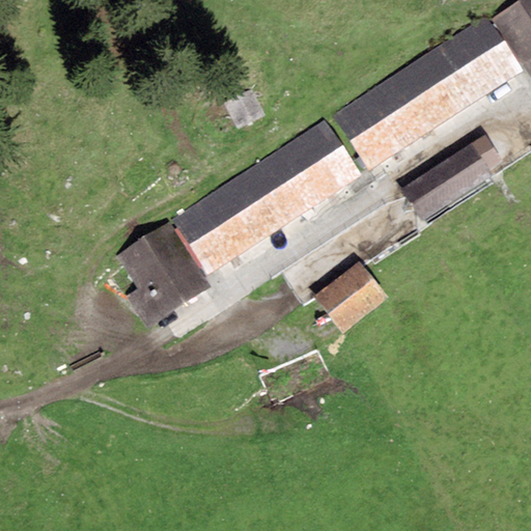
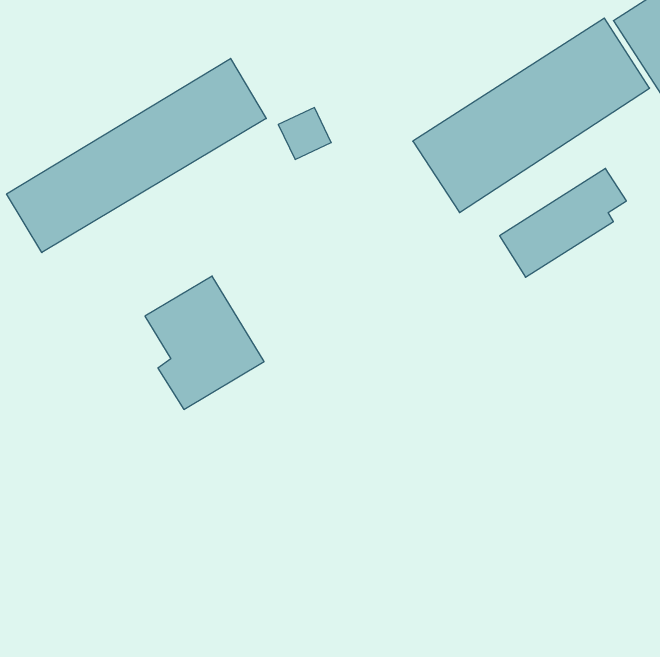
building: none -> [7,58,266,253]
building: [172,118,361,274] -> none
building: [313,263,389,336] -> none

